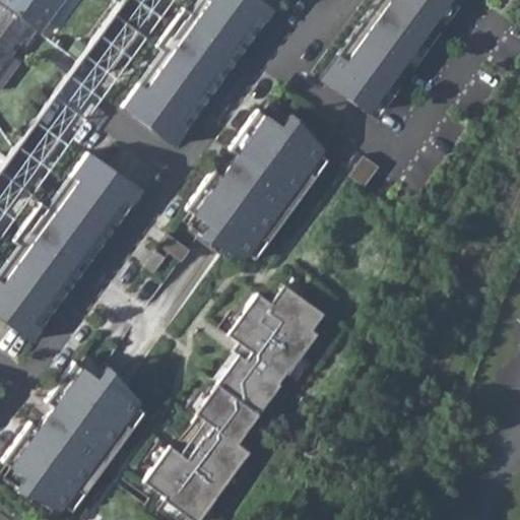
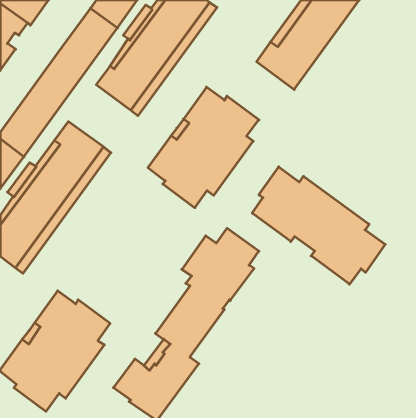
building: none -> [252,167,385,284]

